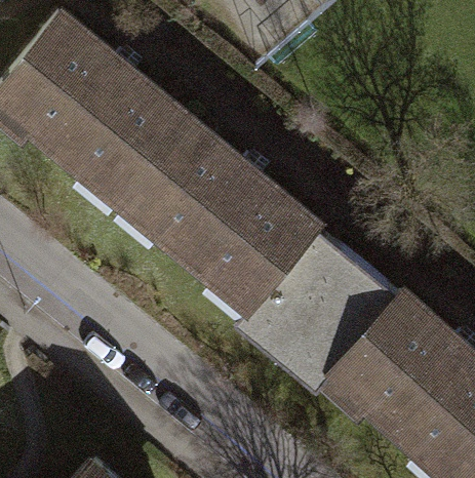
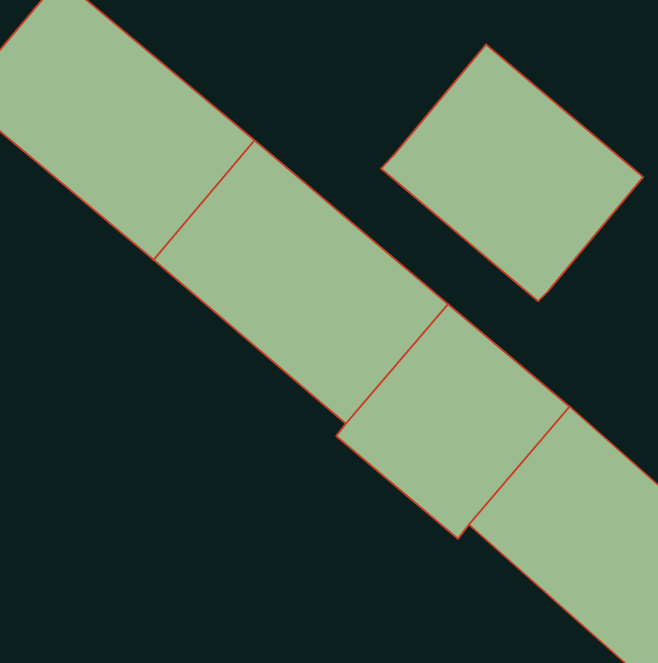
building: none -> [381,44,643,301]

